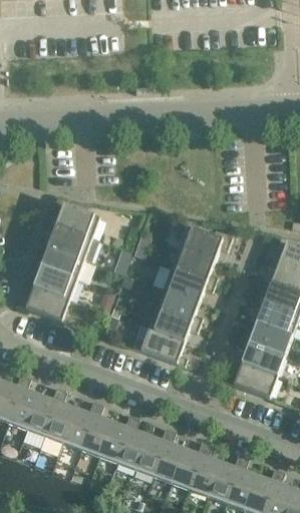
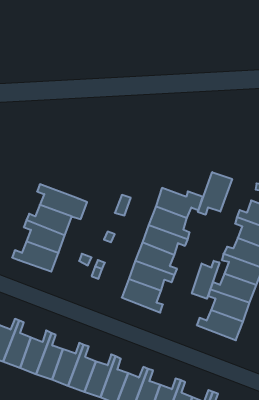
building: [47,203,98,237] -> none
building: none -> [198,172,232,215]
building: none -> [192,261,219,299]

